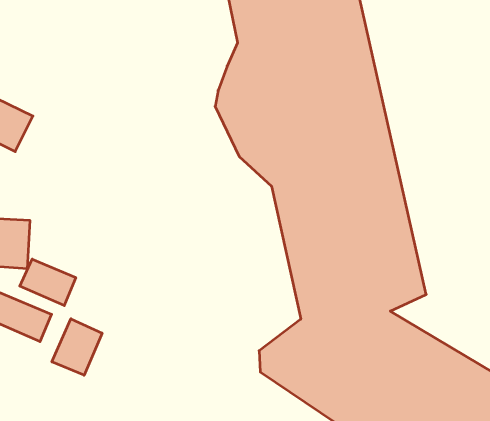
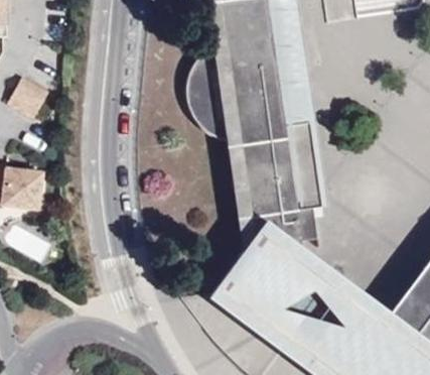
building: [20,259,76,306] -> none
building: [52,319,102,375] -> none

